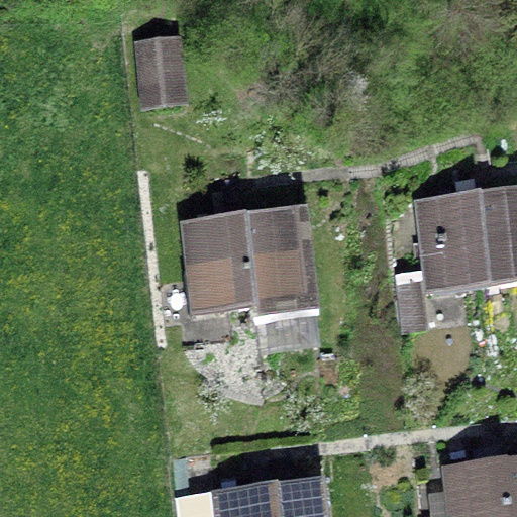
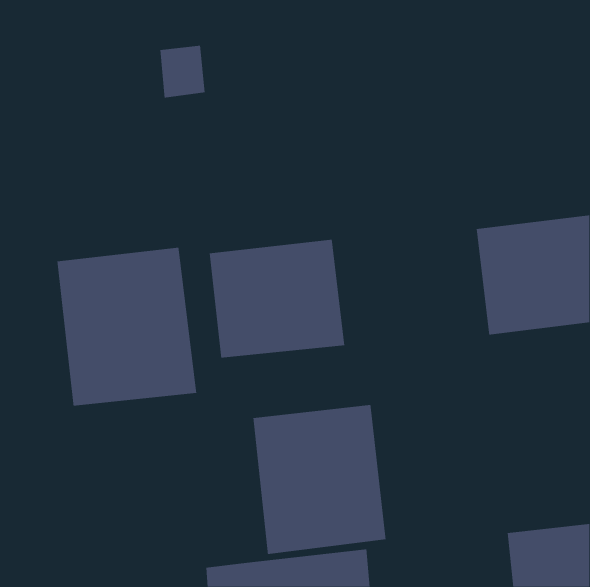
building: none -> [57,247,197,407]
building: none -> [253,404,386,555]

